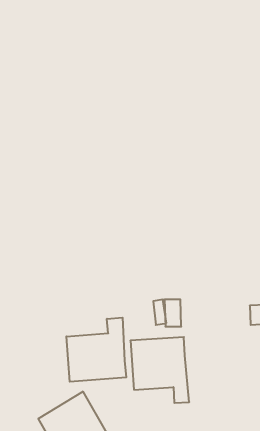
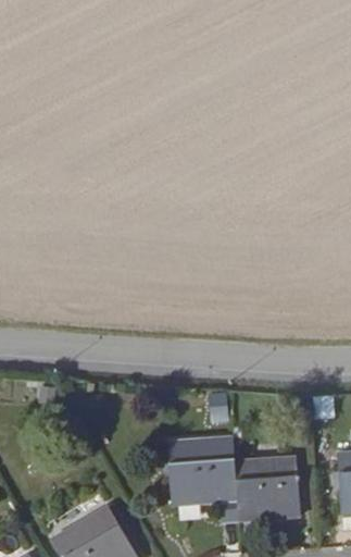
building: [66,318,126,382] -> none
building: none -> [233,453,316,517]

